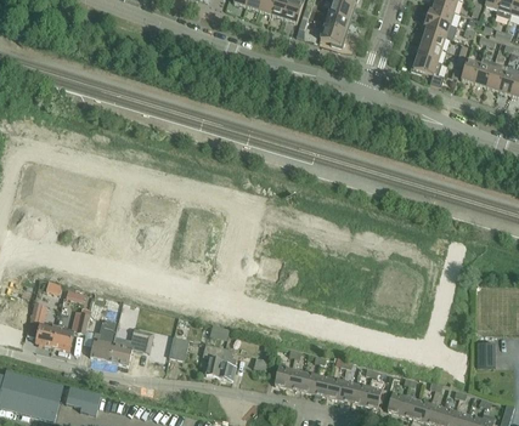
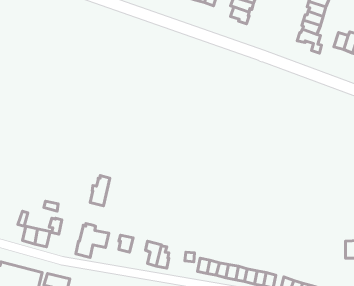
building: [90,319,117,360] -> [90,176,110,206]

